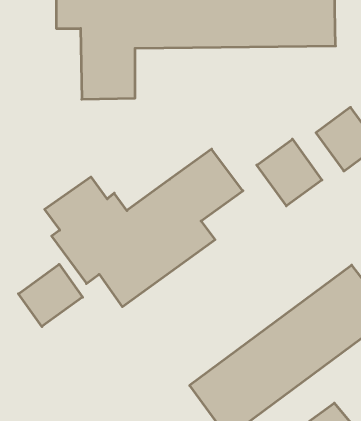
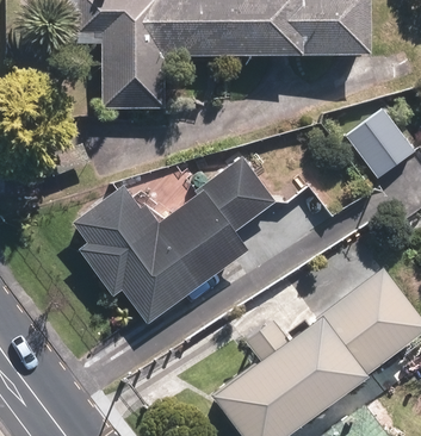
building: [257,139,322,206] -> none
building: [18,264,83,327] -> none

